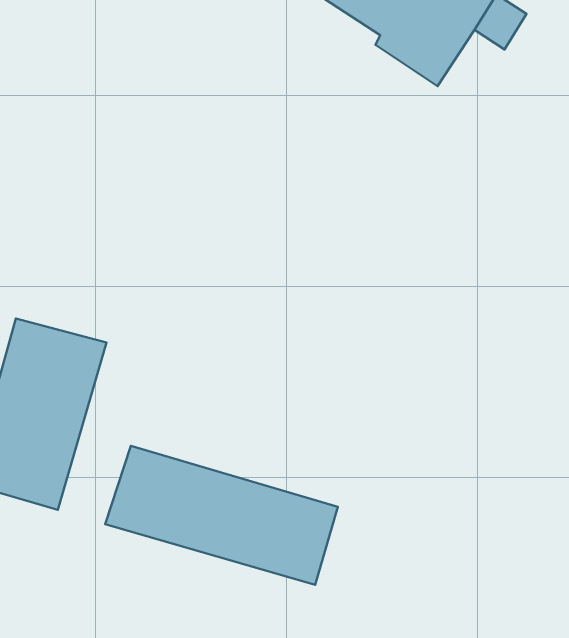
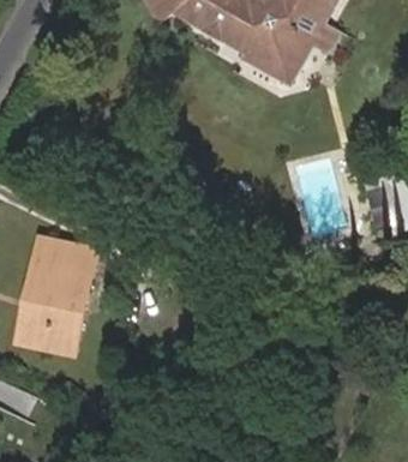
building: [105,446,338,585] -> none

